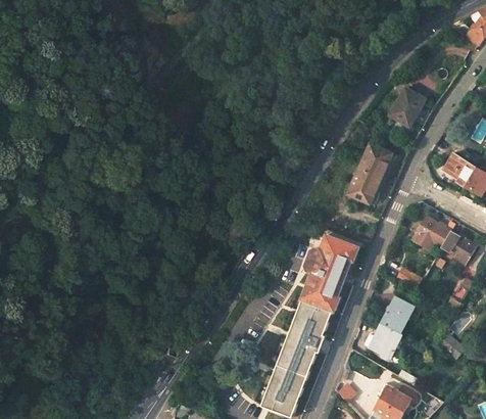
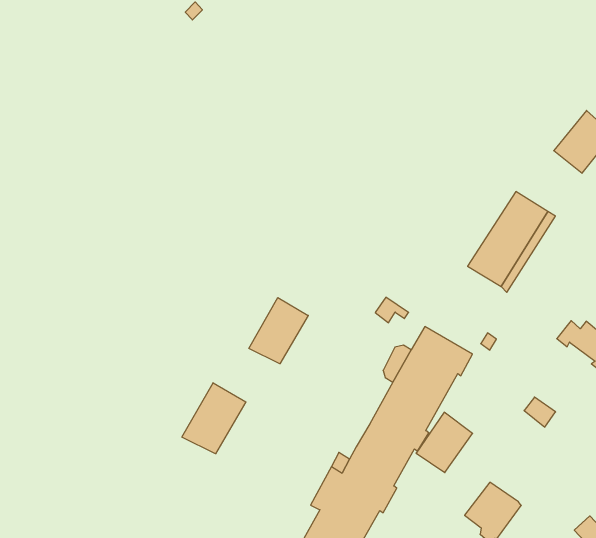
building: none -> [249,298,308,364]
building: none -> [182,383,246,454]
building: [381,295,414,332] -> [416,412,473,473]

